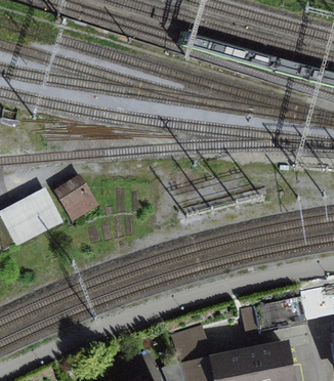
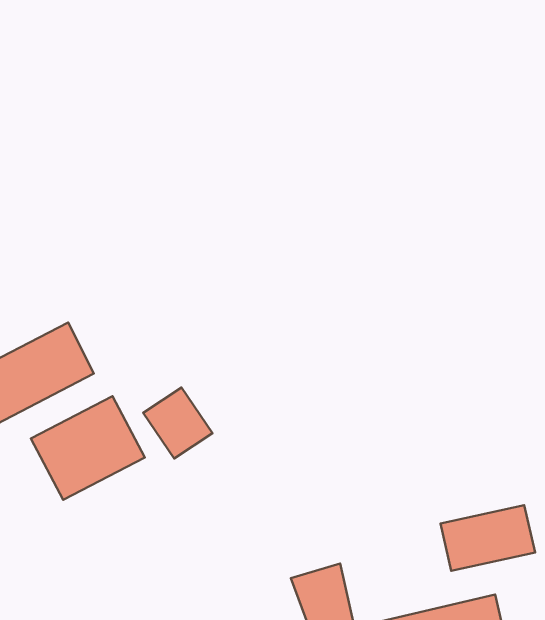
building: [58,177,97,217] -> [143,387,212,459]
building: none -> [31,396,145,500]

